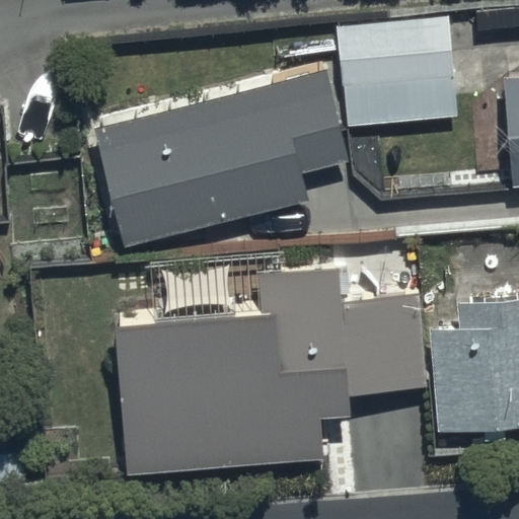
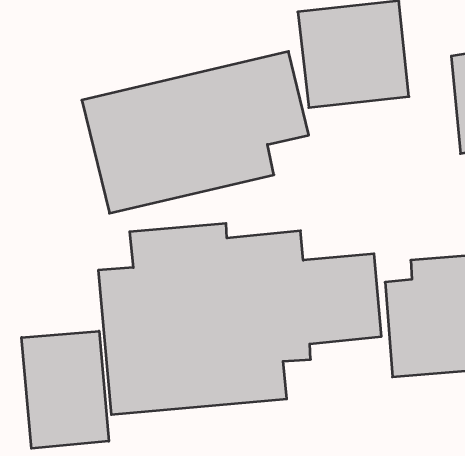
building: none -> [22,331,109,448]

